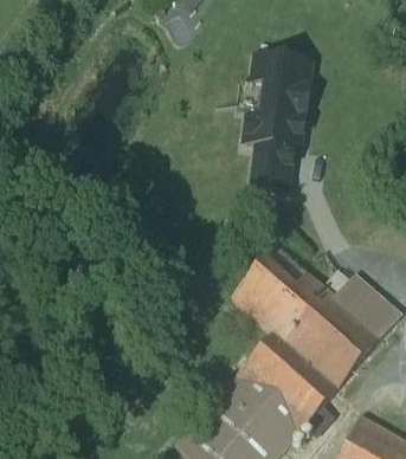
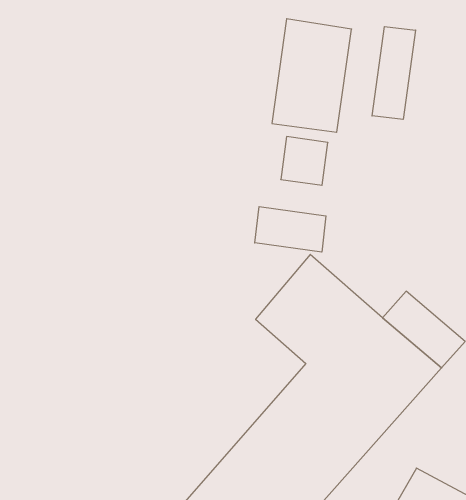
building: none -> [372,27,416,119]
building: none -> [255,207,326,252]

